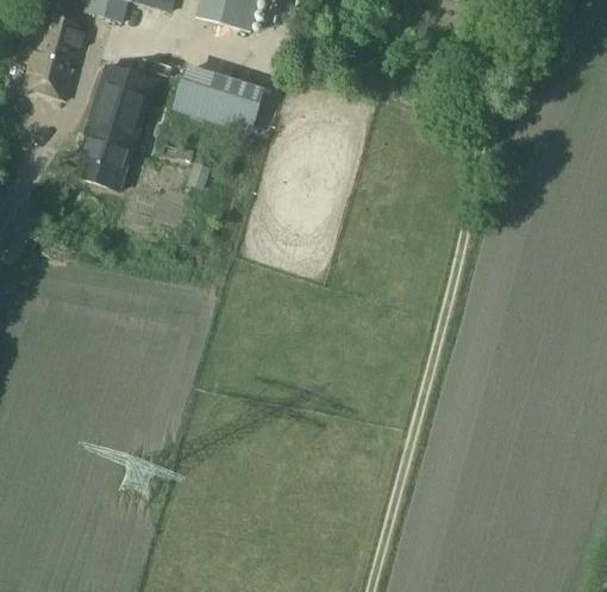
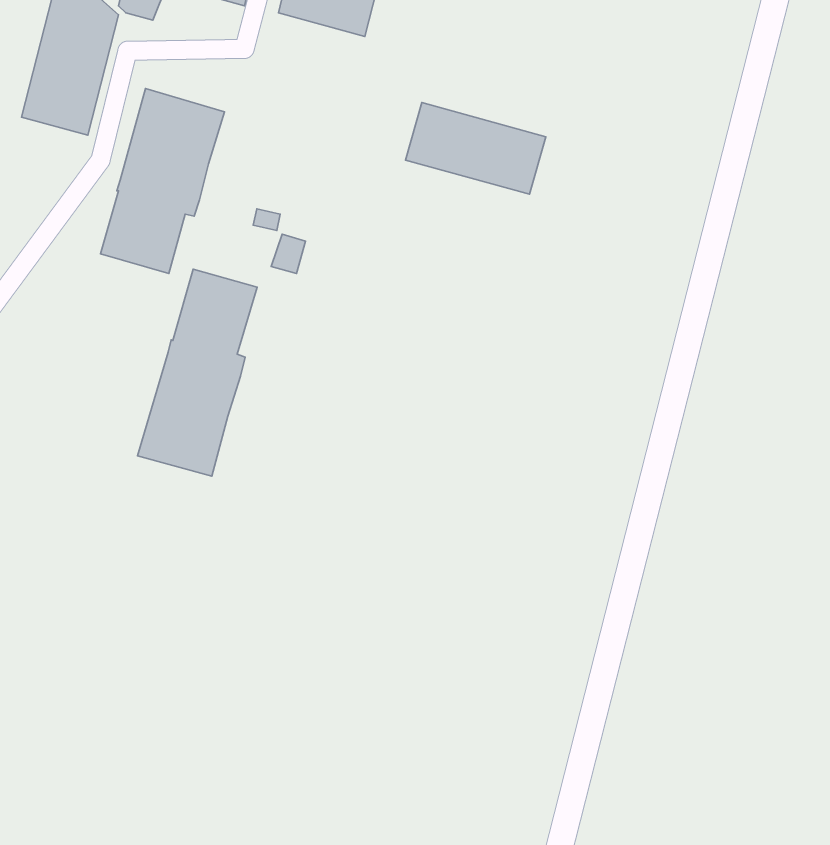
building: [167,69,259,130] -> [406,103,546,194]
building: none -> [138,269,257,476]

